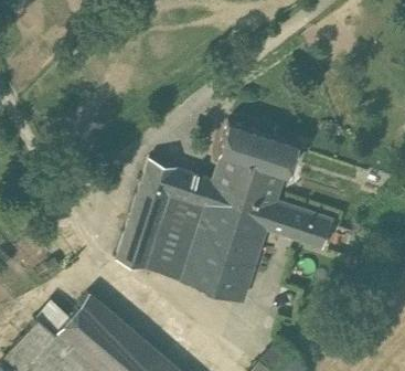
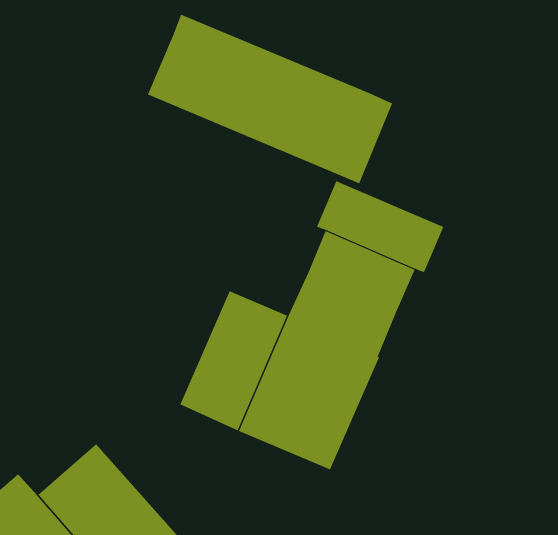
building: none -> [147,14,393,184]
building: [117,156,222,264] -> none
building: [266,208,334,258] -> none

